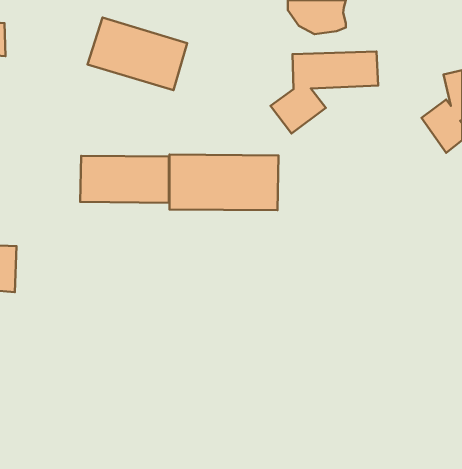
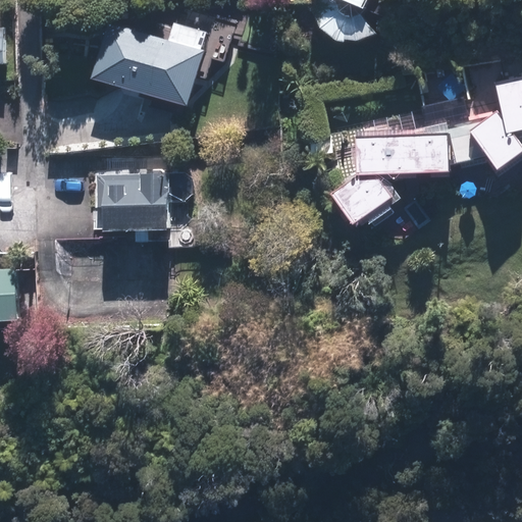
building: [270,52,378,134] -> [328,136,448,226]
building: [170,155,279,210] -> none

